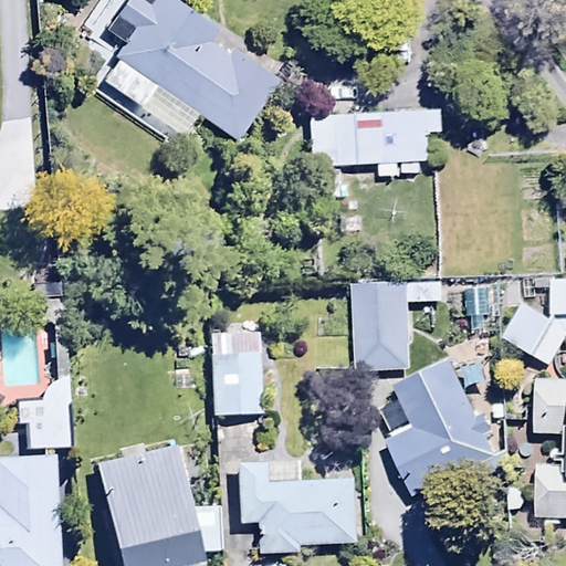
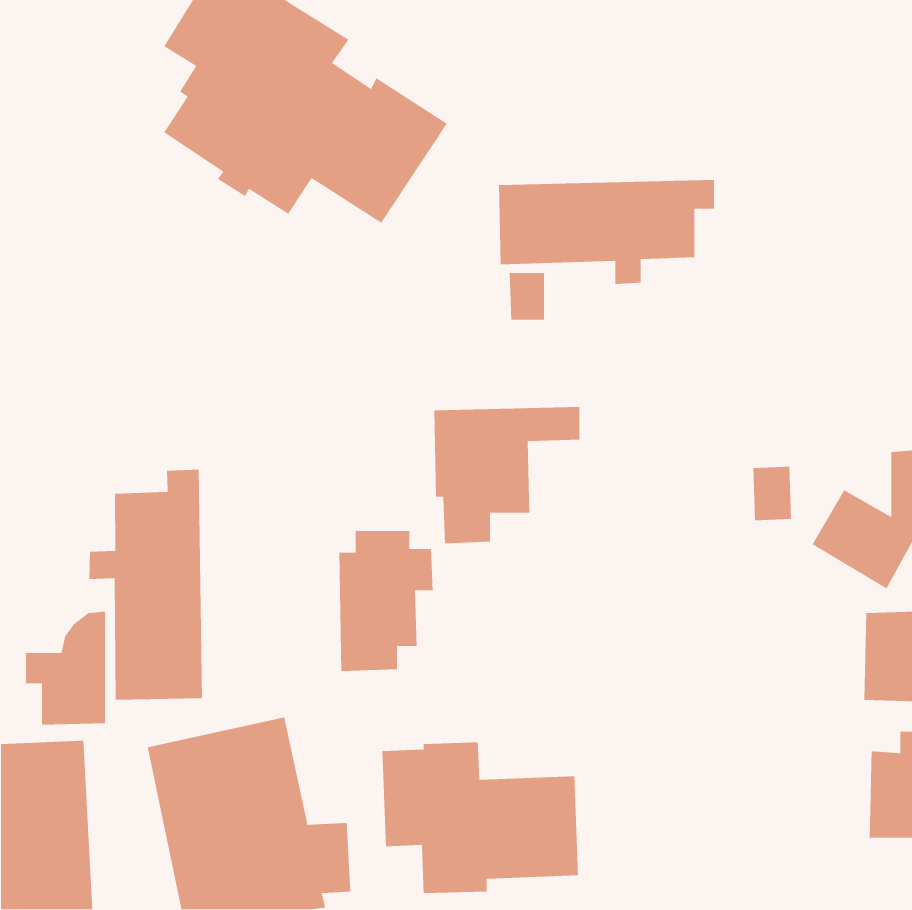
building: [353,282,443,367] -> [433,406,580,544]
building: none -> [88,469,203,700]
building: [387,358,503,499] -> none

